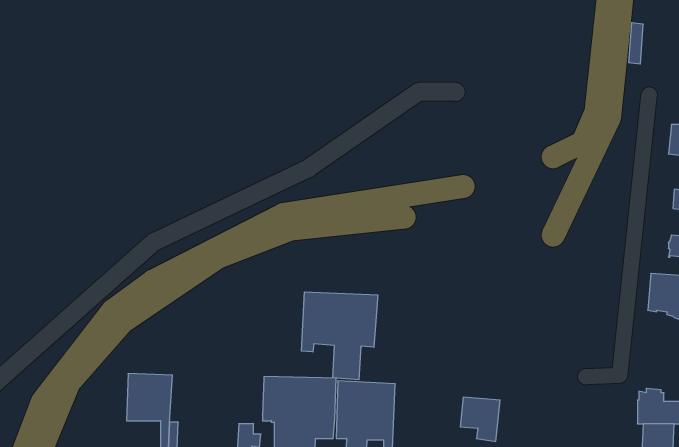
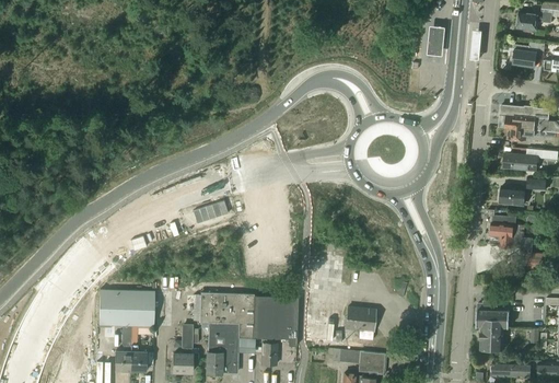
building: none -> [424,26,443,56]
building: [302,292,378,380] -> none
building: none -> [130,291,154,326]

